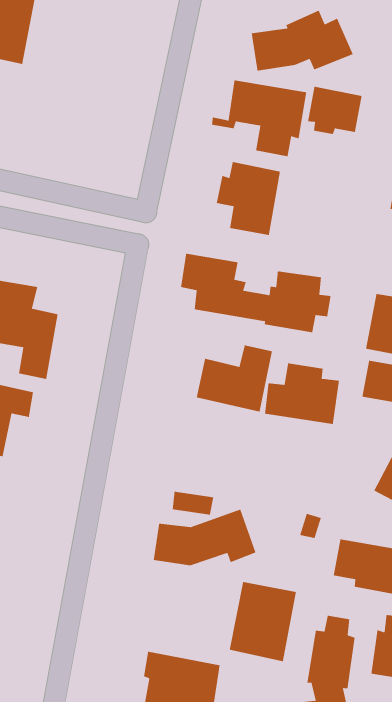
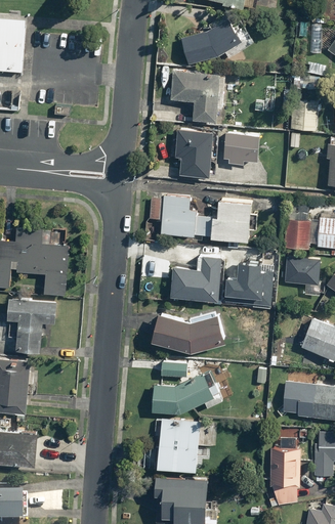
building: [307,86,363,135] -> [223,132,260,165]
building: none -> [151,312,226,352]
building: [229,581,297,662] -> [157,419,200,472]

